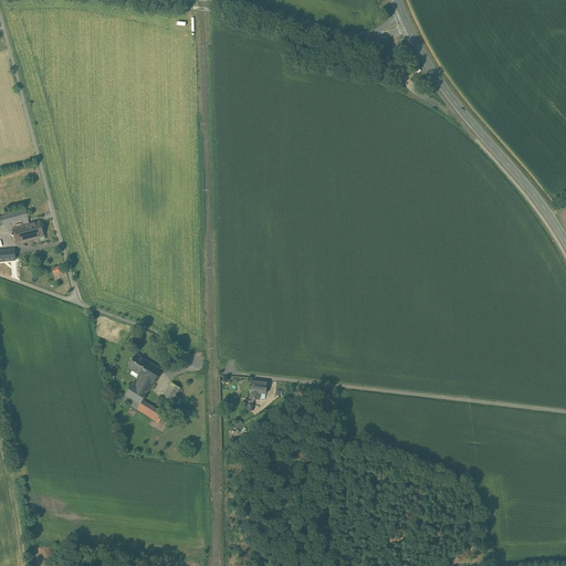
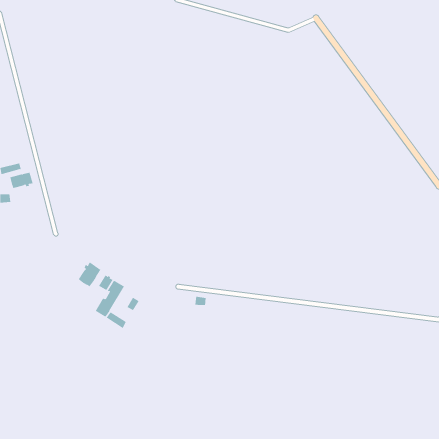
building: none -> [78,261,101,287]

